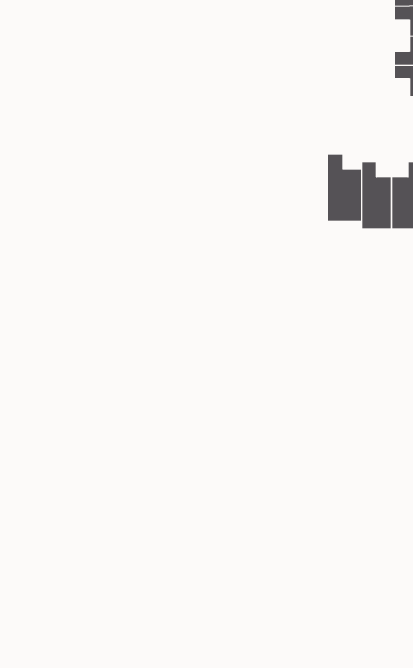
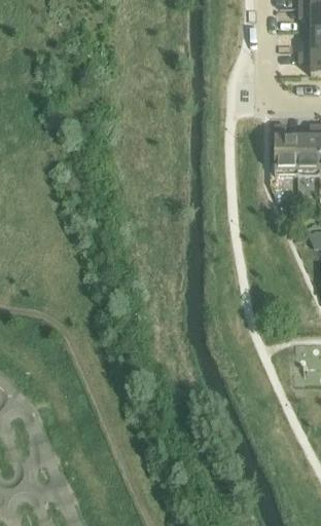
building: [327,154,361,222] -> none

